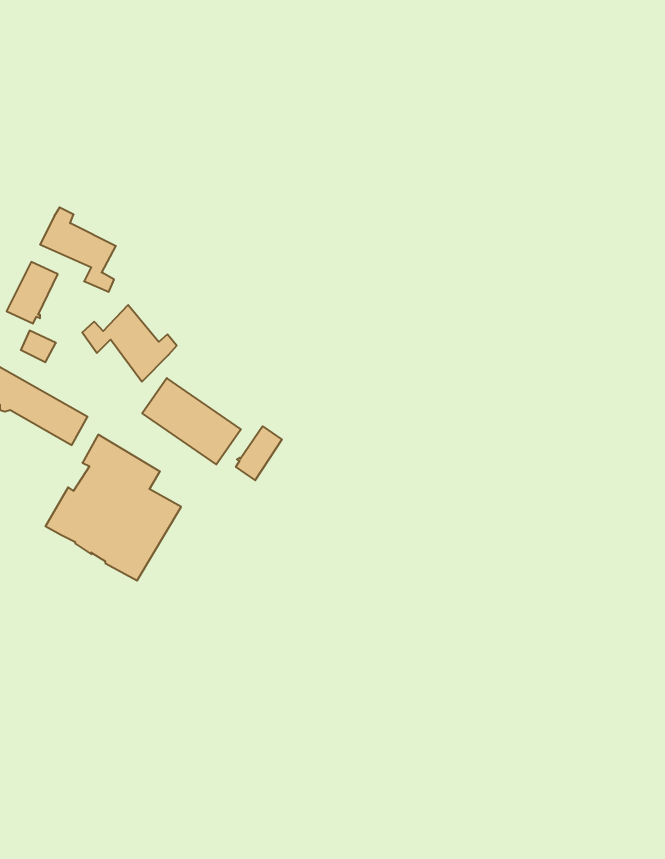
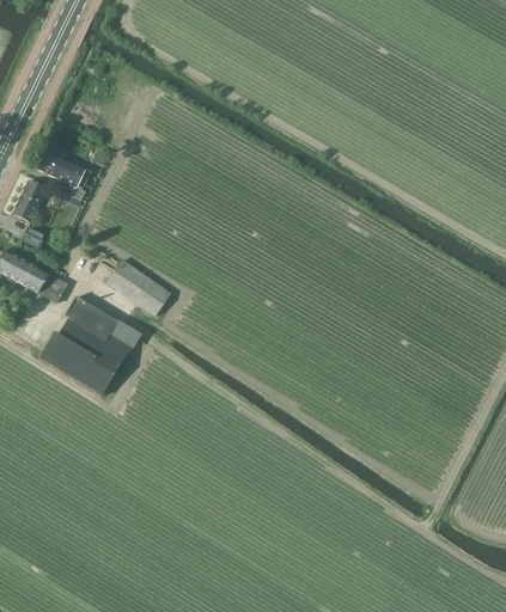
building: [82,305,177,382] -> none
building: [236,426,282,480] -> none

